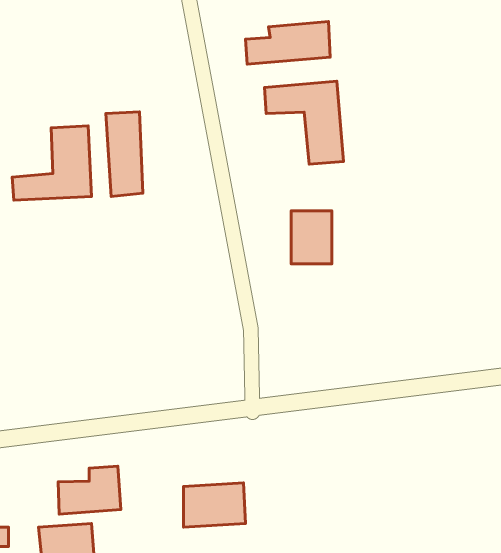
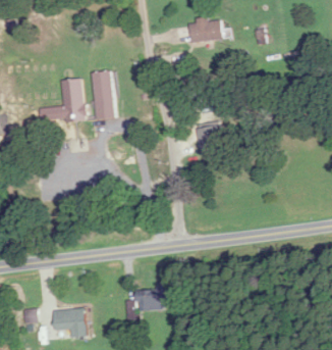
building: [265,81,344,164] -> none
building: [58,466,121,514] -> none

